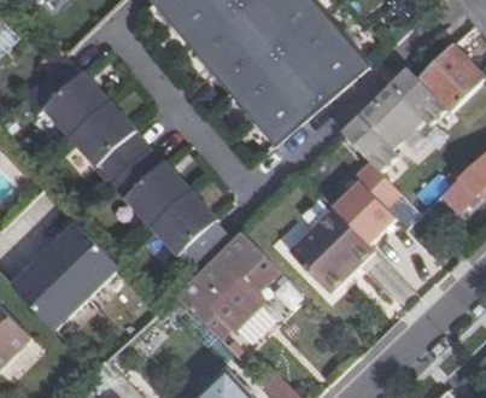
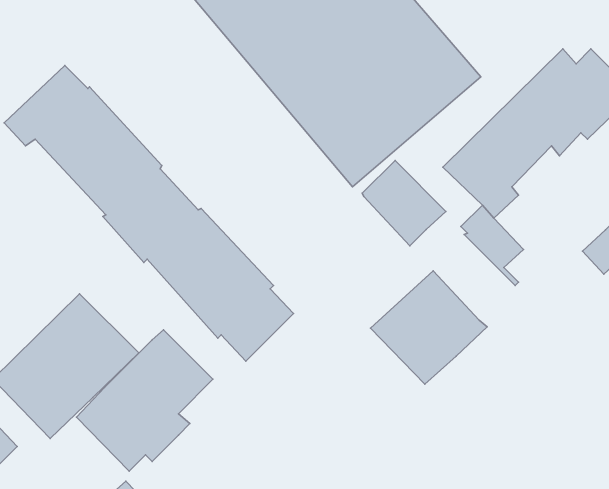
building: [334,182,396,245] -> [362,160,446,246]
building: [177,233,277,336] -> [76,330,213,471]

